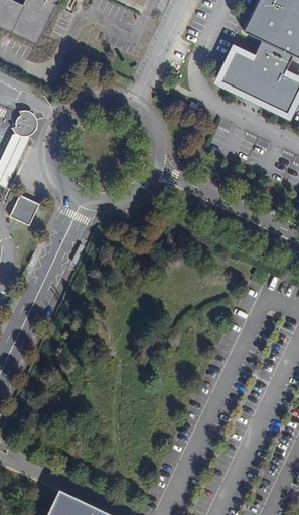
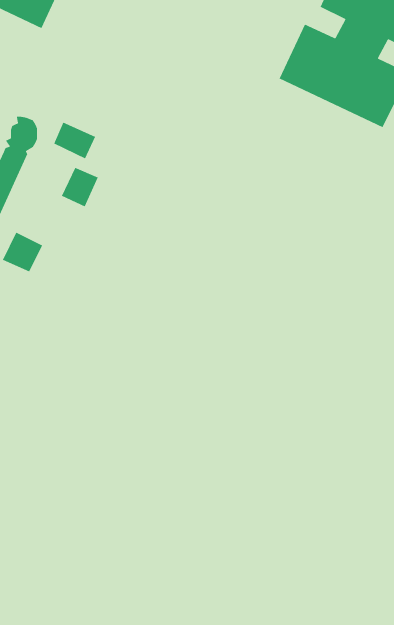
building: none -> [53,121,96,159]
building: none -> [61,167,99,207]

